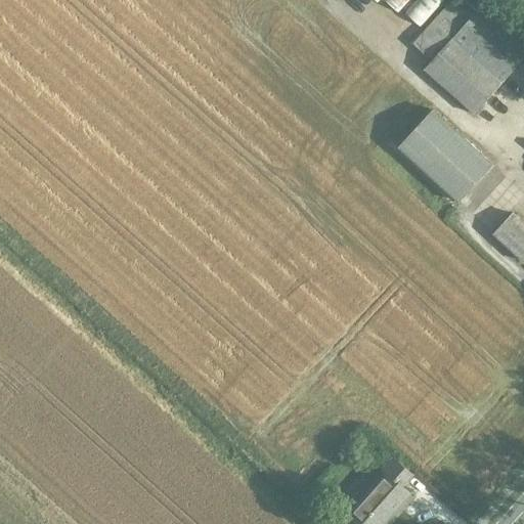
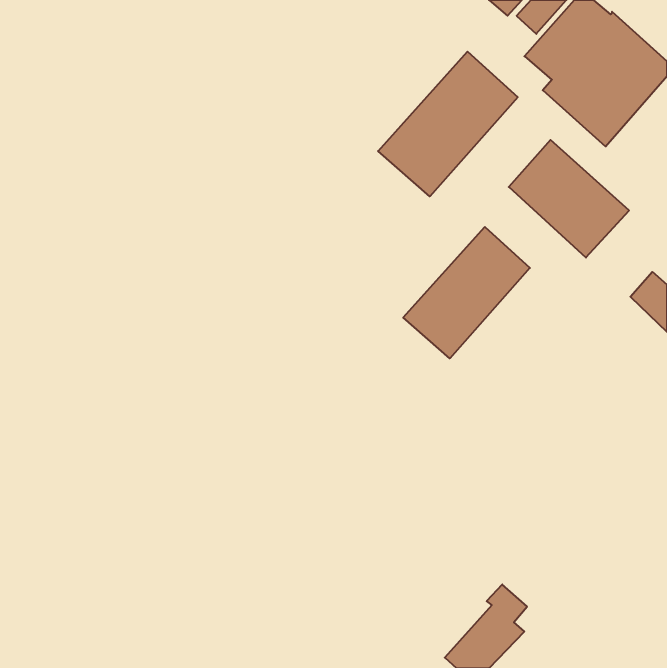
building: none -> [378,52,518,196]
building: none -> [403,227,530,358]

